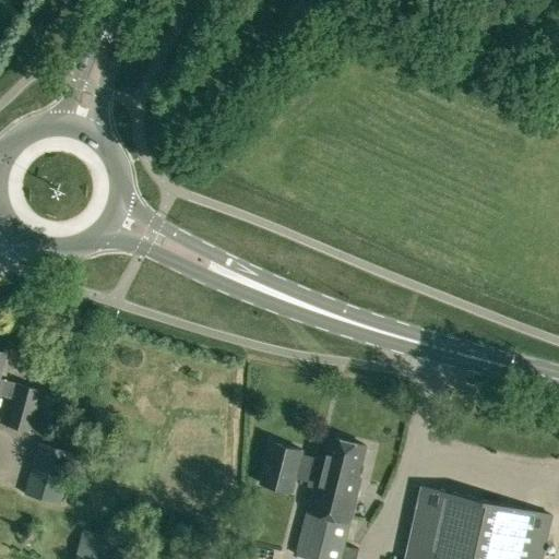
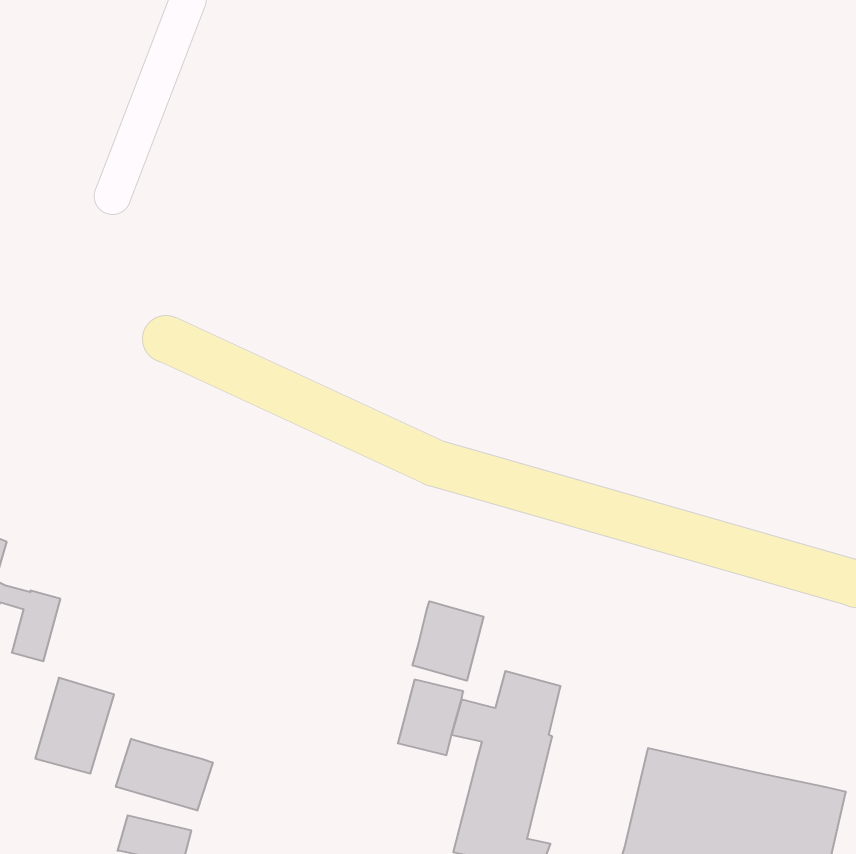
building: none -> [413,601,484,681]
building: none -> [116,739,213,811]

